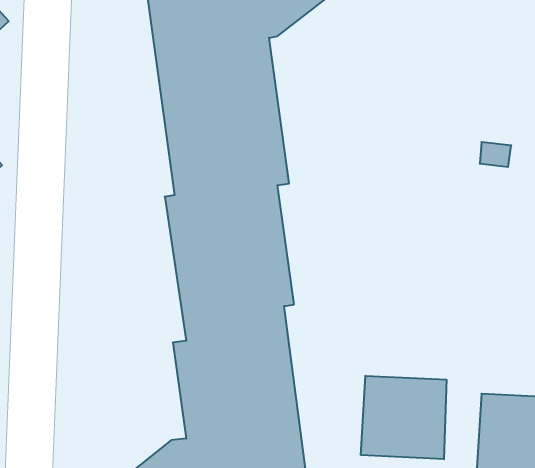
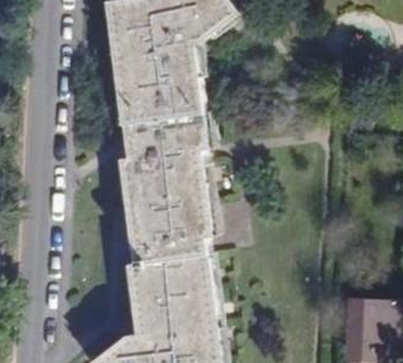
building: [361,376,446,459] -> none

